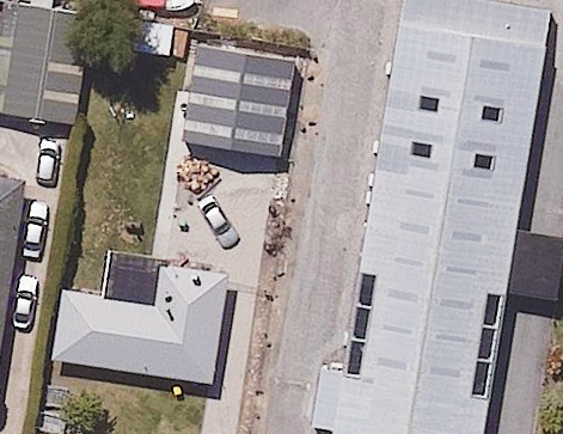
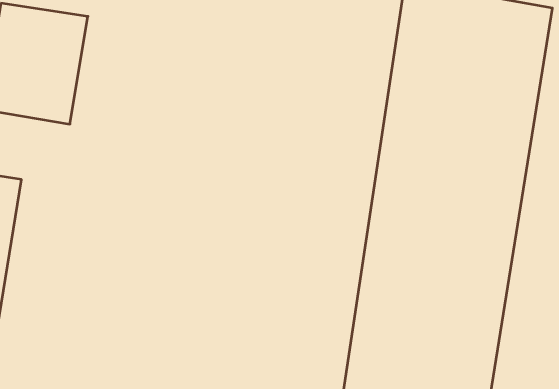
building: [200,44,284,161] -> none
building: [51,256,222,380] -> none

